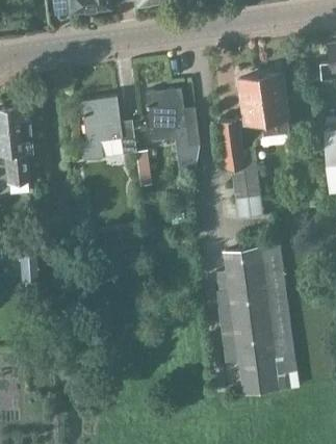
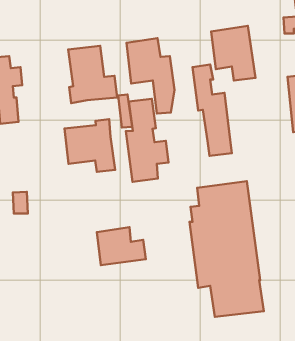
building: none -> [126,99,168,182]
building: none -> [64,119,115,172]
building: none -> [97,227,146,265]

